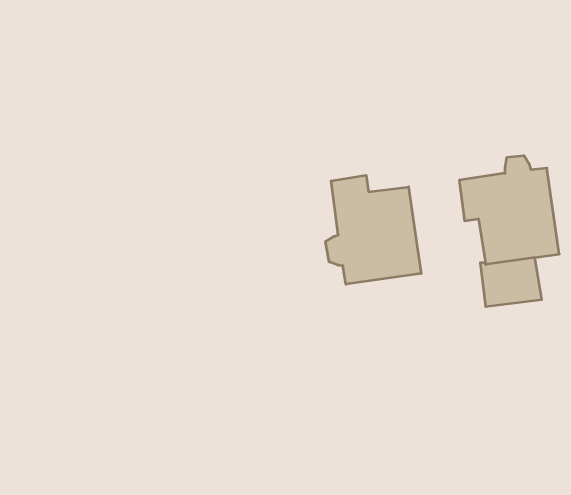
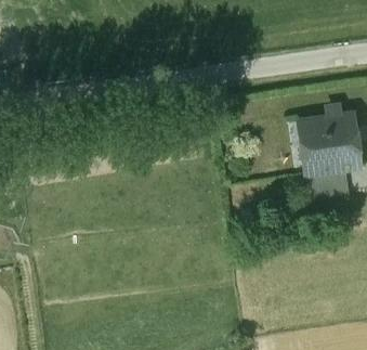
building: [326,175,421,284] -> none

